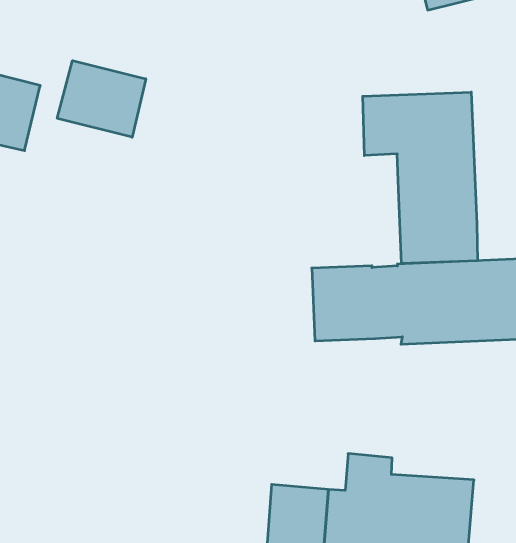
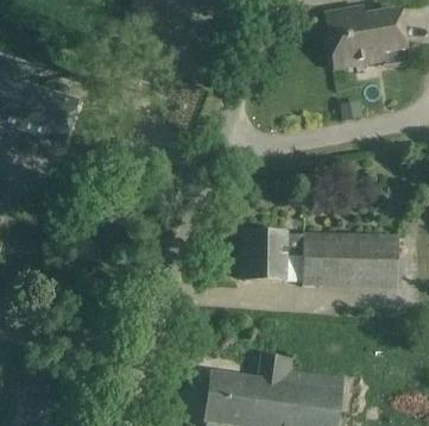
building: [57,61,146,137] -> none
building: [363,92,478,263] -> none

